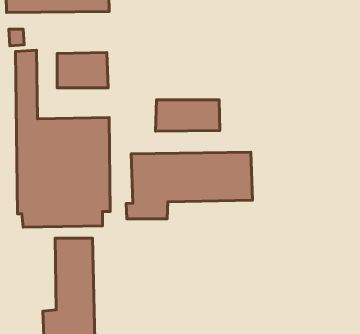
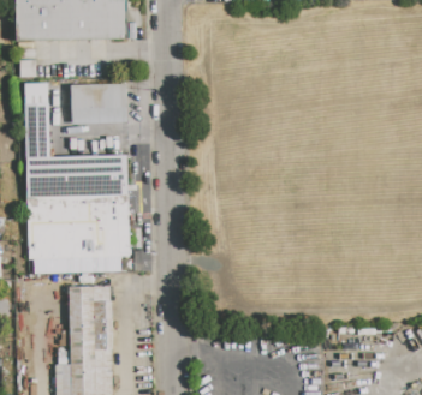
building: [156,100,220,131] -> none
building: [126,152,252,219] -> none

